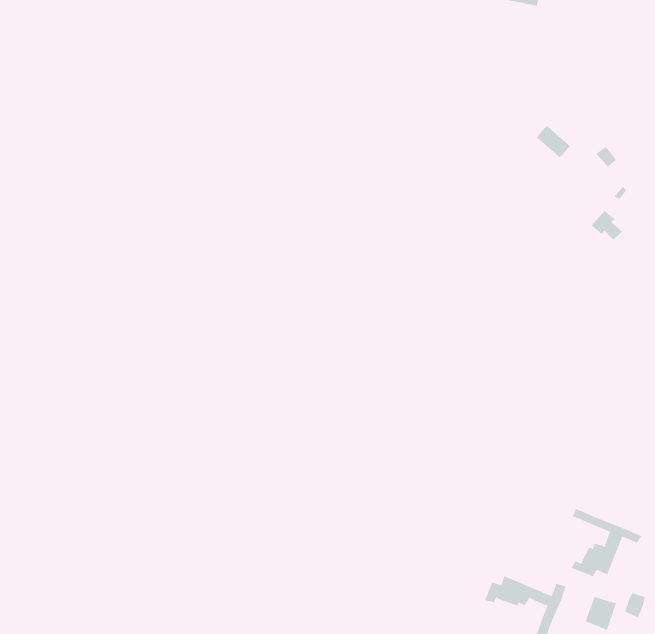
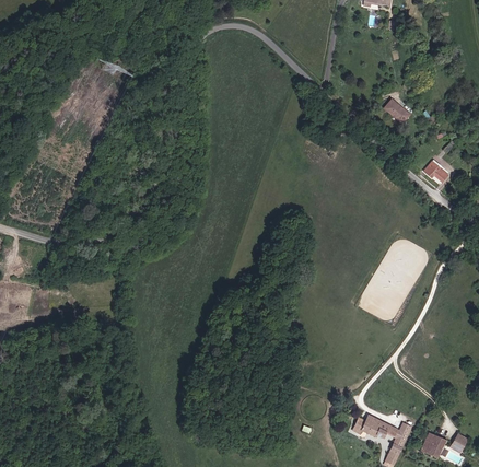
building: [571,508,642,577] -> none

